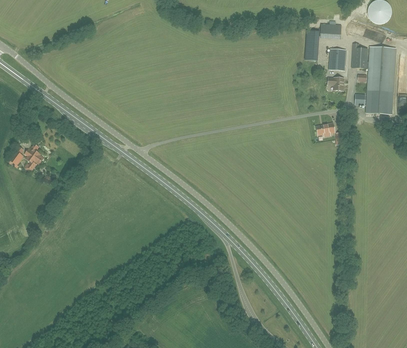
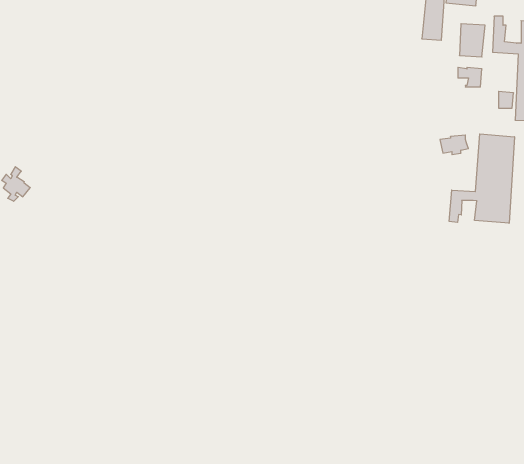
building: none -> [449,134,514,223]

